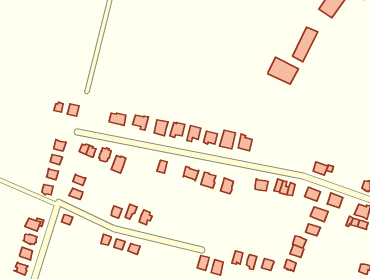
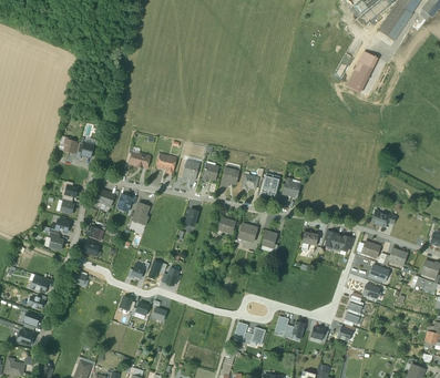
building: [268,57,298,84] -> none

